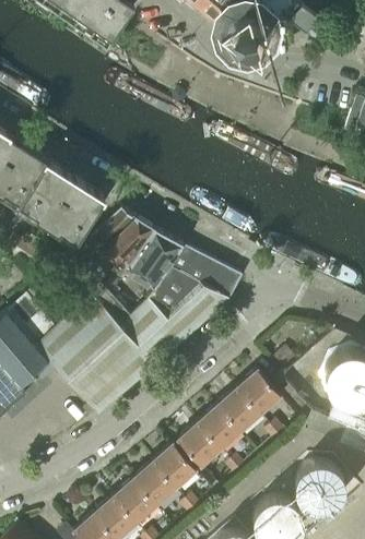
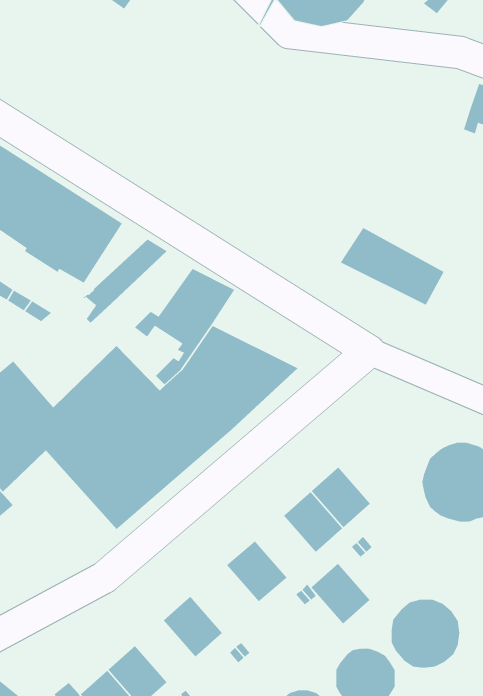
building: [75,218,153,285] -> none
building: [167,245,242,301] -> [340,227,445,306]
building: [198,406,240,450] -> [311,563,371,624]
building: [152,445,196,489] -> none
building: [113,480,155,524] -> none

